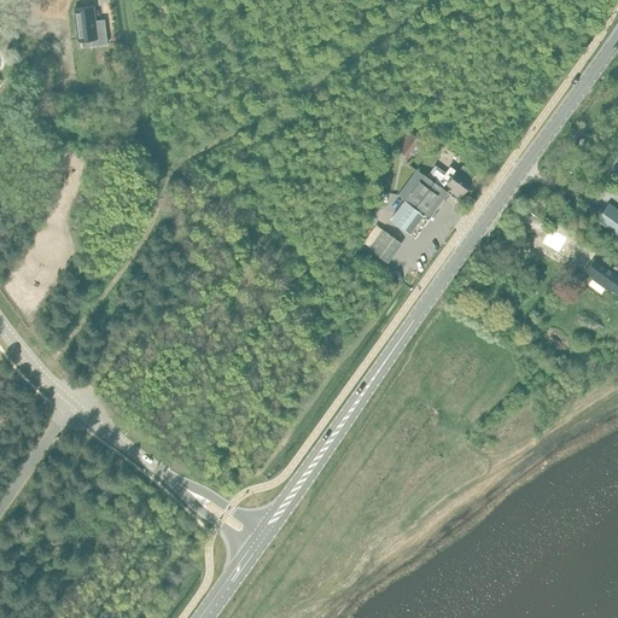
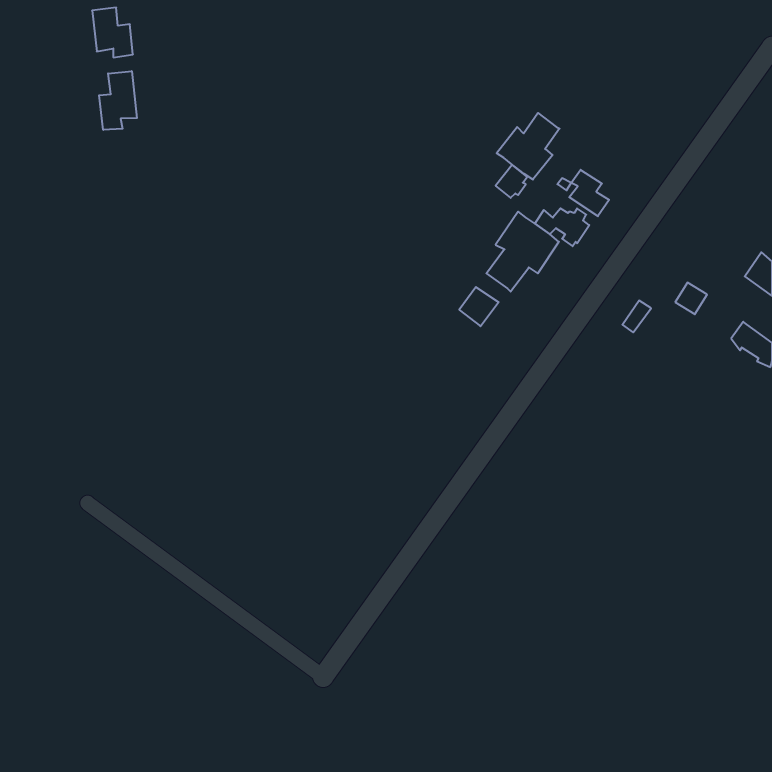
building: none -> [99,71,137,130]
building: none -> [497,113,560,180]
building: none -> [569,170,609,216]

